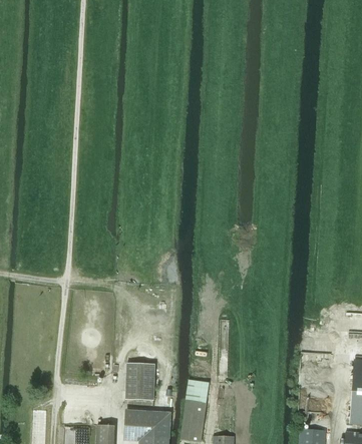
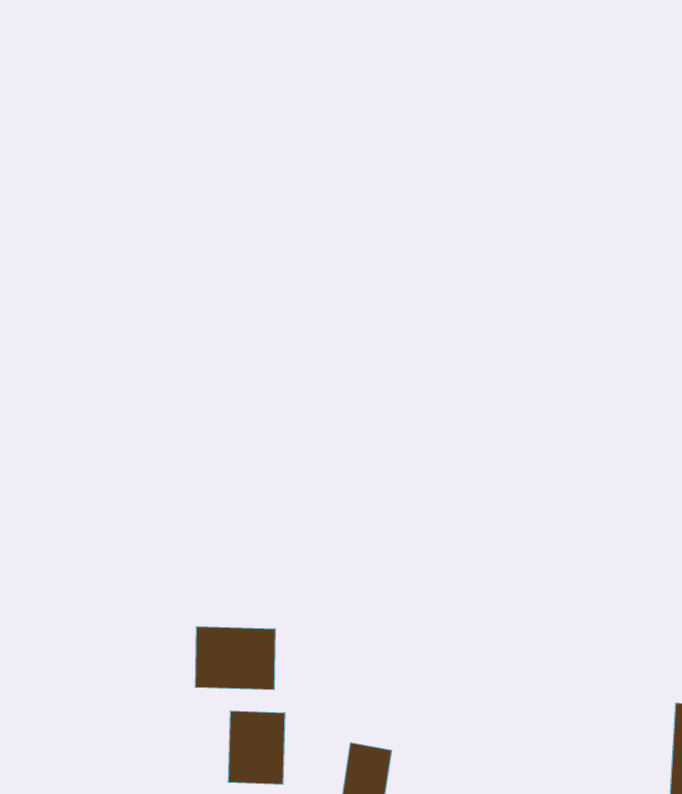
building: none -> [195,627,275,690]

